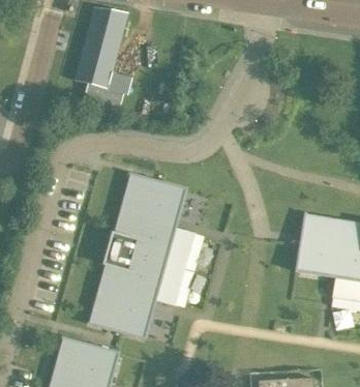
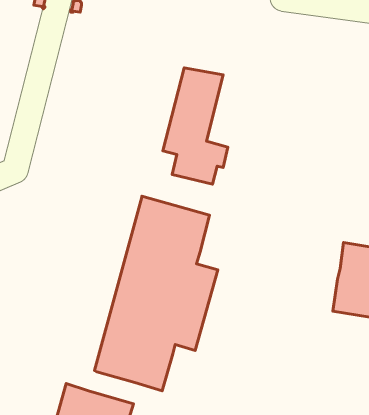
building: [74,8,131,110] -> [163,68,228,184]

